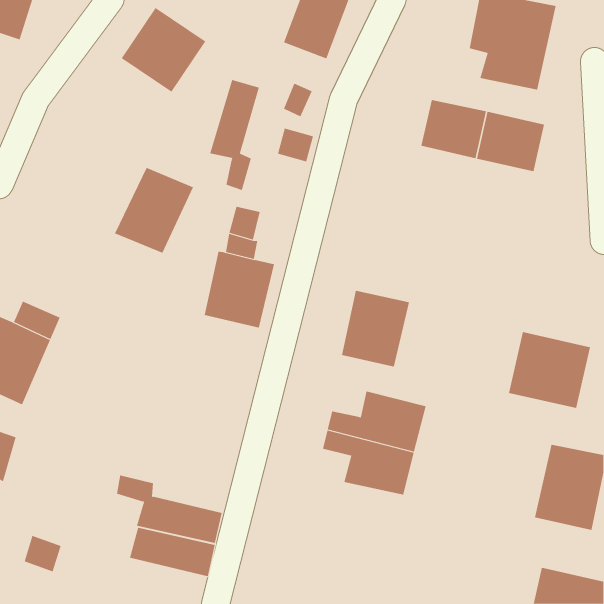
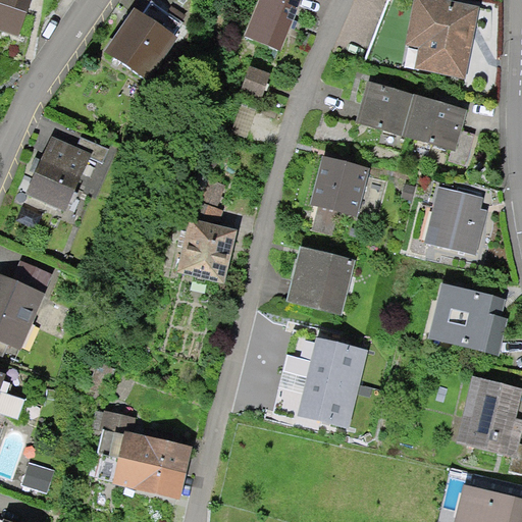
building: [210,79,259,191] -> none
building: [114,167,194,254] -> [22,135,91,209]
building: none -> [316,159,368,218]
building: none -> [431,189,487,256]

